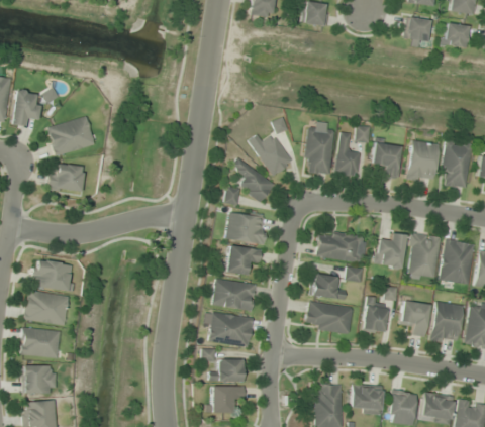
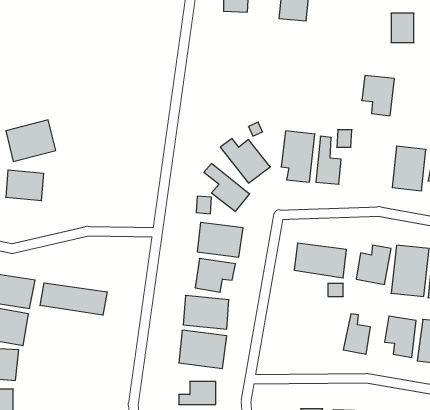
building: [372,141,402,179] -> [362,75,394,116]
building: none -> [40,283,107,315]
building: [311,275,346,301] -> none
building: [306,302,353,334] -> none

